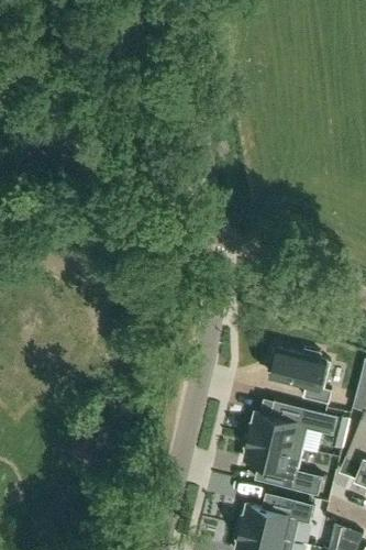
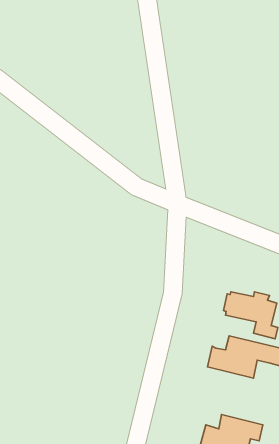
building: [242,439,321,498] -> none

